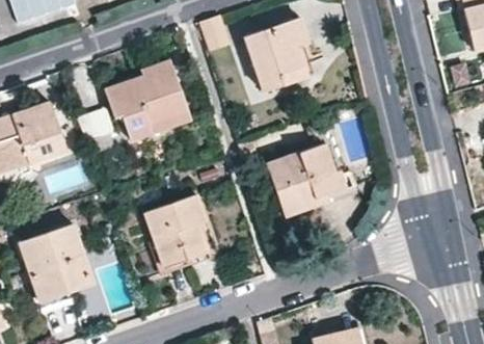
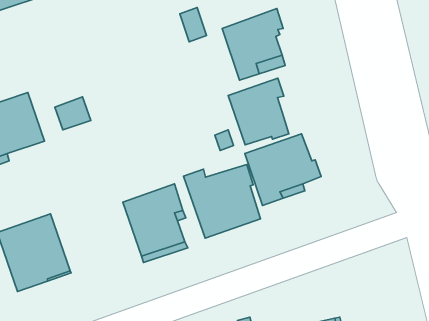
building: [105,60,190,138] -> none
building: none -> [228,78,289,145]
building: none -> [183,164,261,238]

